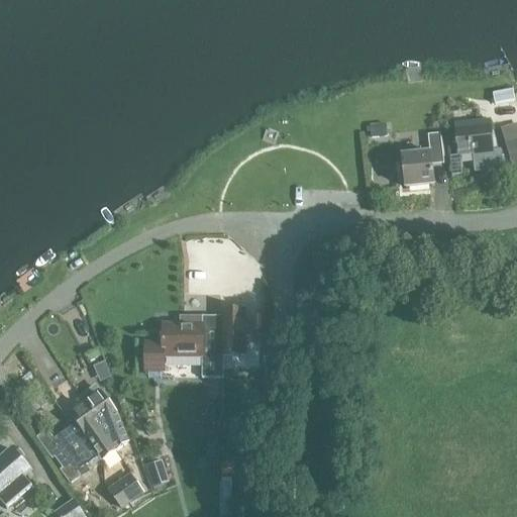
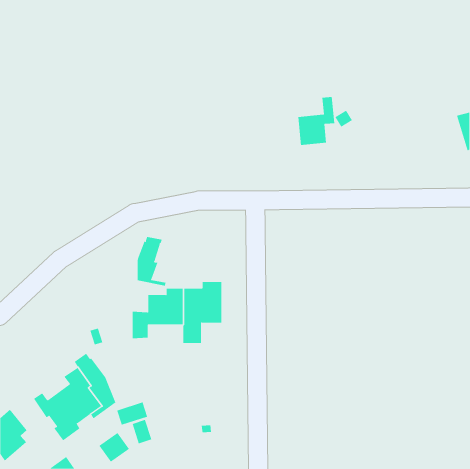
building: [453,118,501,171] -> none
building: [401,132,442,186] -> [297,97,335,146]
building: none -> [137,236,166,286]
building: none -> [117,402,148,426]

